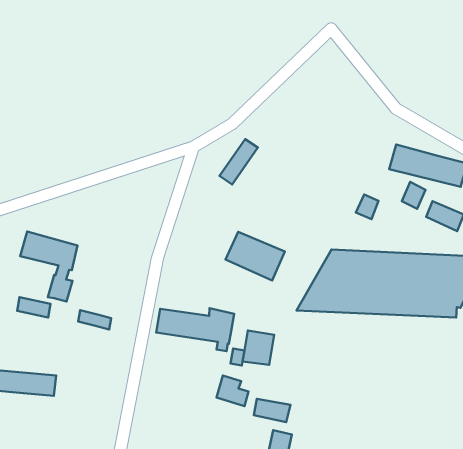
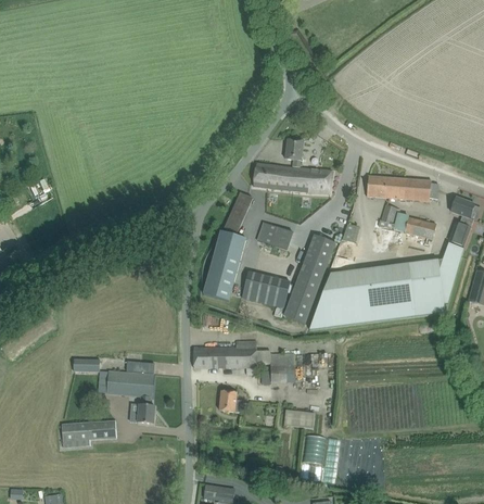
building: none -> [253,139,332,196]
building: none -> [256,222,292,250]
building: none -> [202,230,244,301]
building: none -> [283,235,334,324]
building: [20,232,77,302] -> [106,370,154,424]
building: [216,375,248,406] -> [218,390,244,413]

